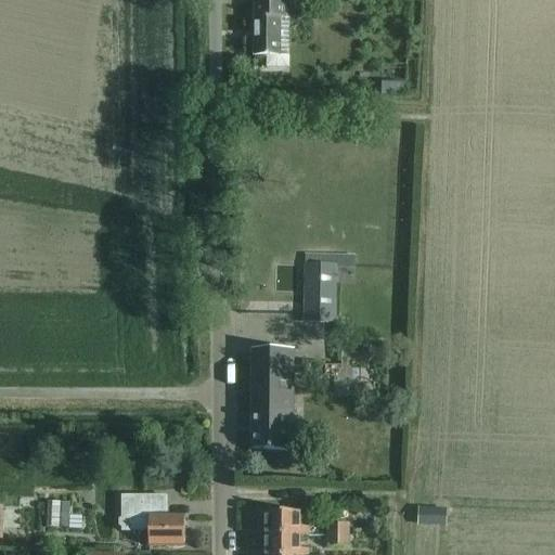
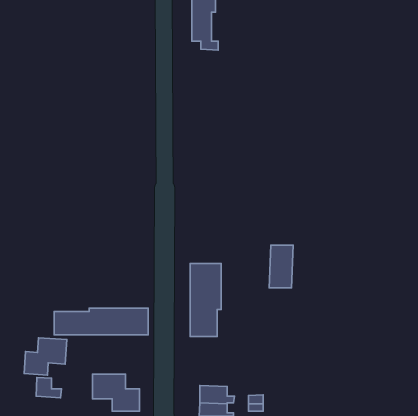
building: [306,262,337,319] -> [269,245,293,288]
building: none -> [54,308,148,335]
building: none -> [24,338,67,375]

